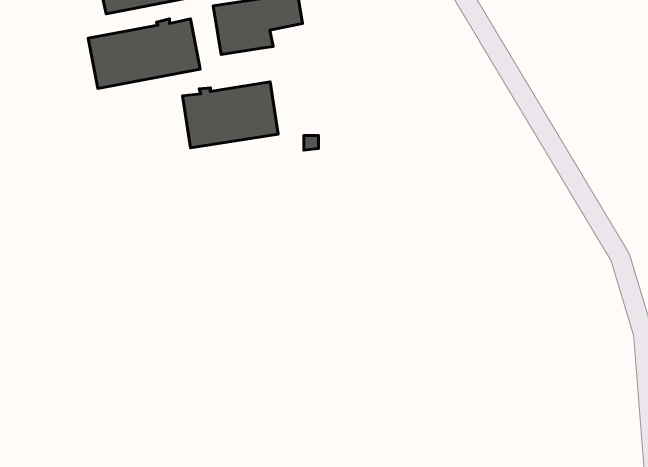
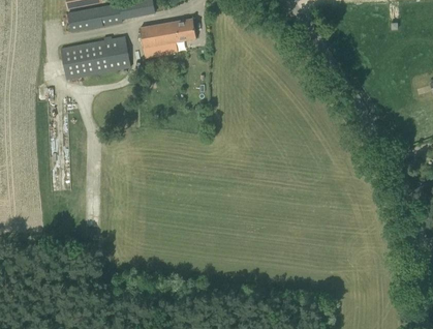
building: [182,82,278,148] -> none

